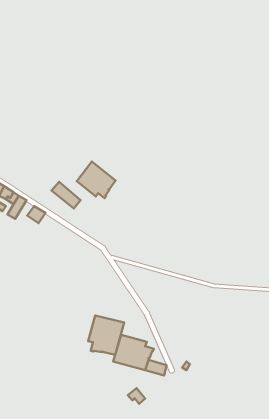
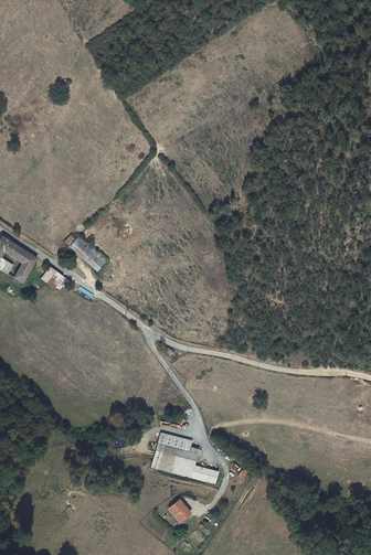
building: [77,162,115,198] -> none
building: [88,315,124,355] -> none

